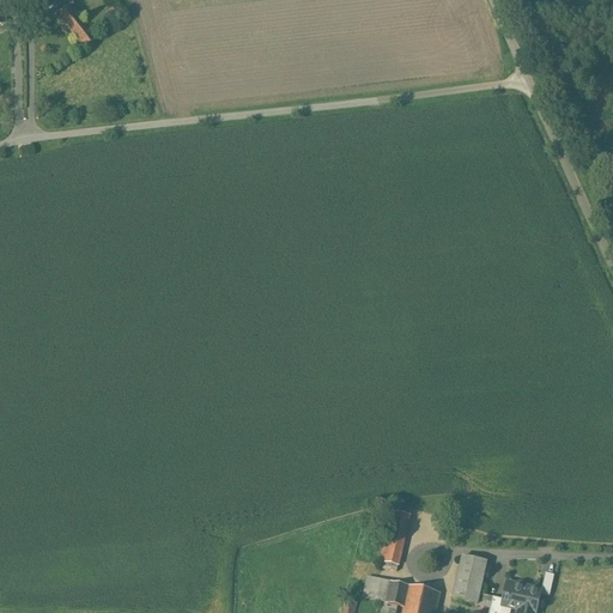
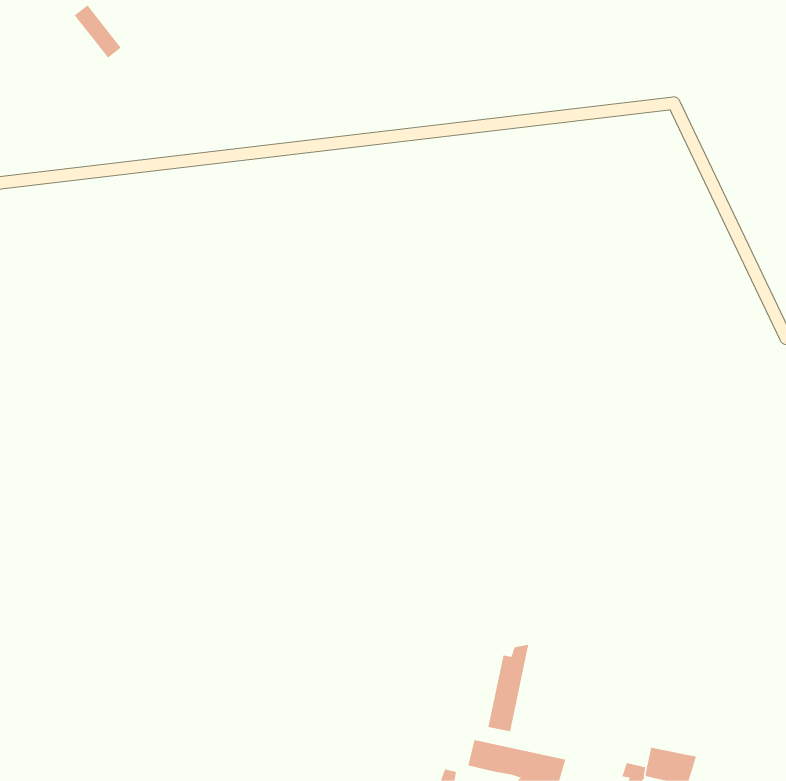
building: [454,554,487,603] -> none

